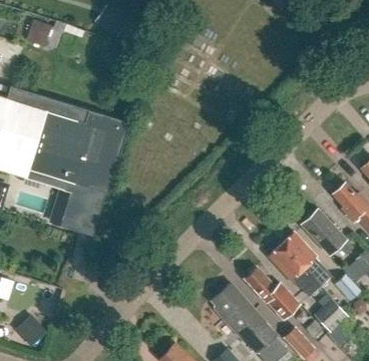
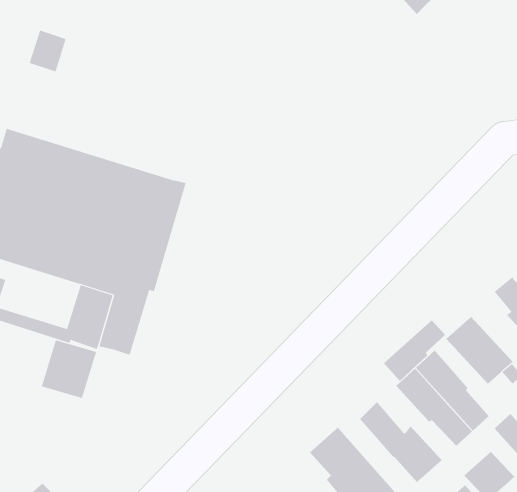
building: none -> [383,319,446,382]
building: none -> [41,339,97,399]

